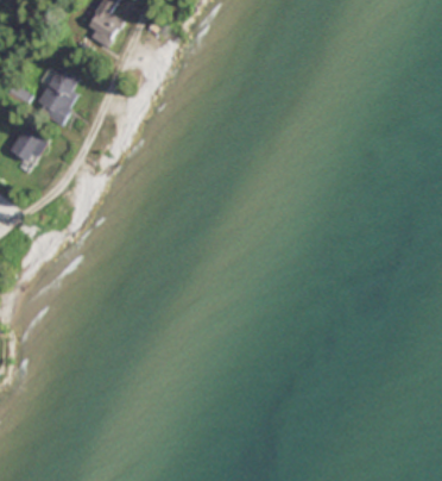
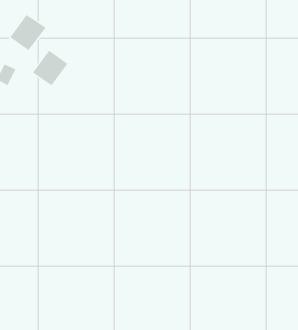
building: none -> [32,50,68,86]

